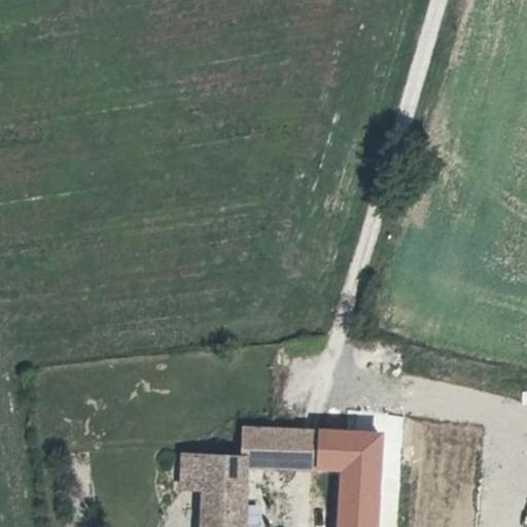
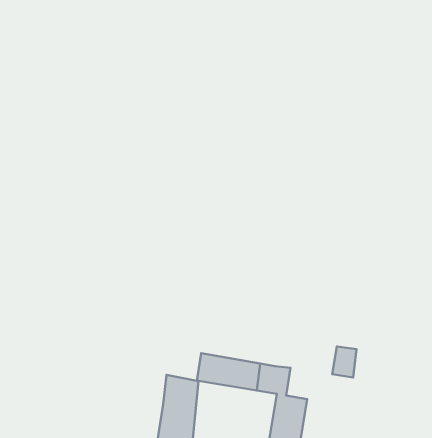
building: [353,443,382,480] -> [332,346,357,378]
building: [180,447,211,486] -> none

